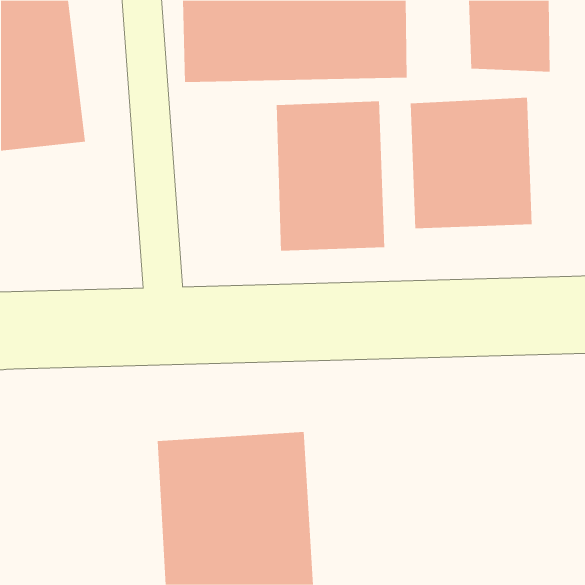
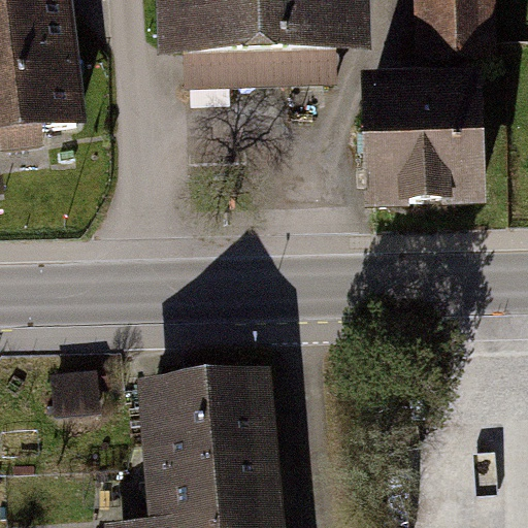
building: [276,101,385,252] -> none

